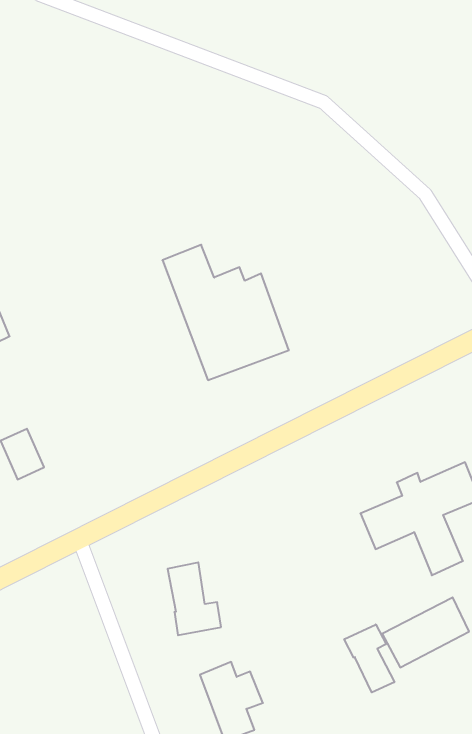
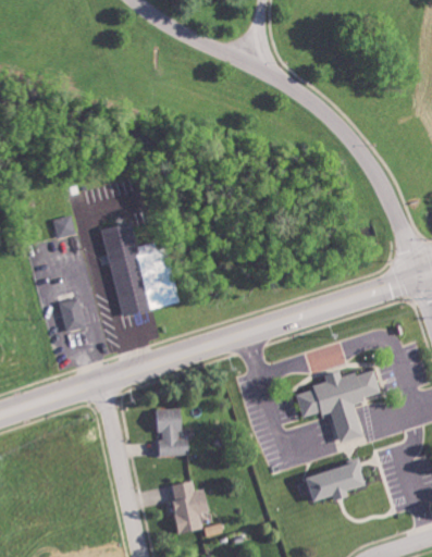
building: [162,245,289,380] -> [102,223,180,317]
building: [344,624,394,692] -> none

